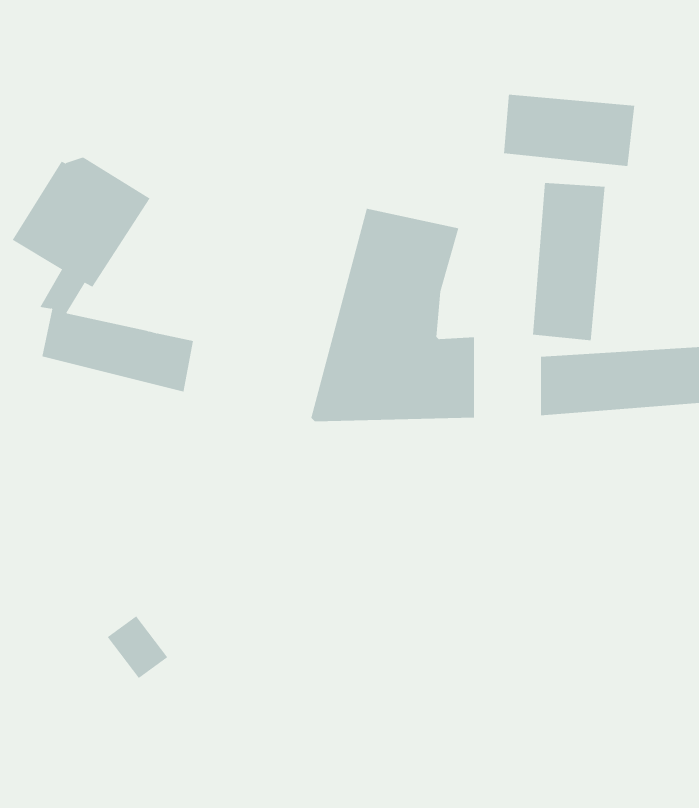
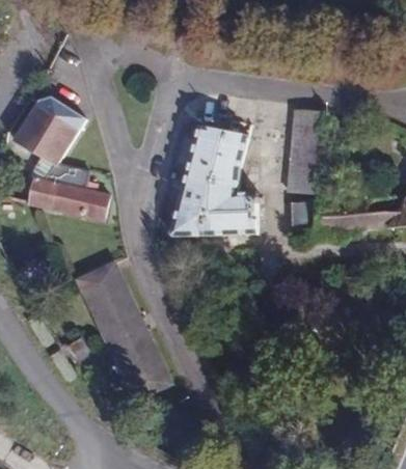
building: [503,94,635,167] -> none
building: none -> [75,261,170,402]

